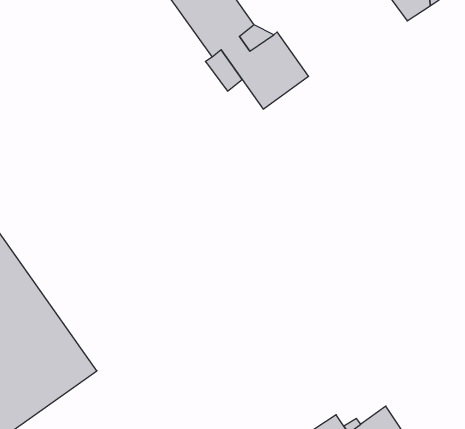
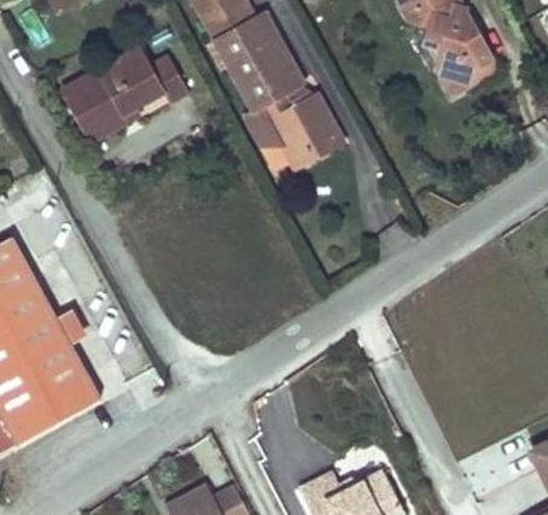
building: none -> [60,46,187,140]

